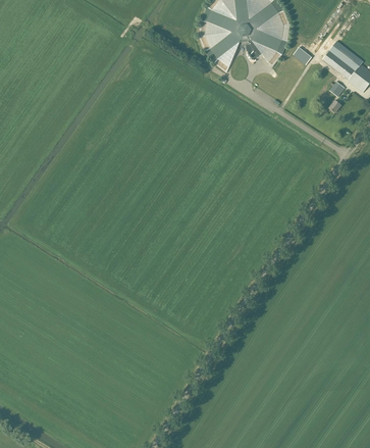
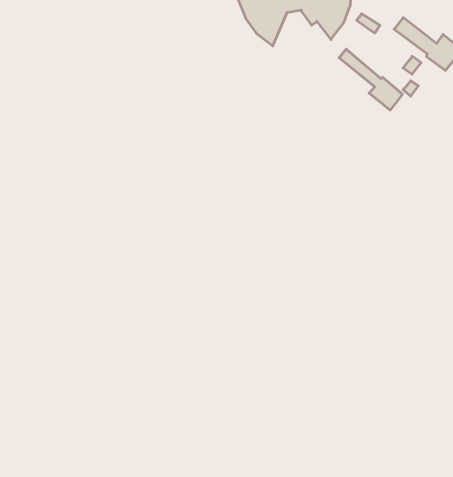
building: none -> [339,49,402,110]

